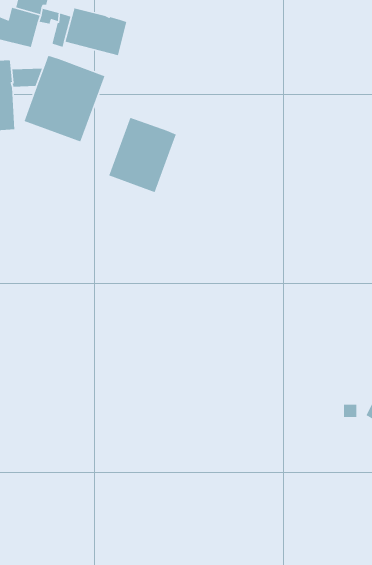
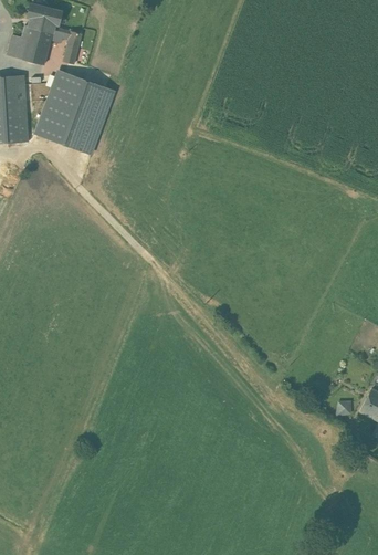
building: [65,8,127,56] -> none
building: [108,117,177,193] -> none

